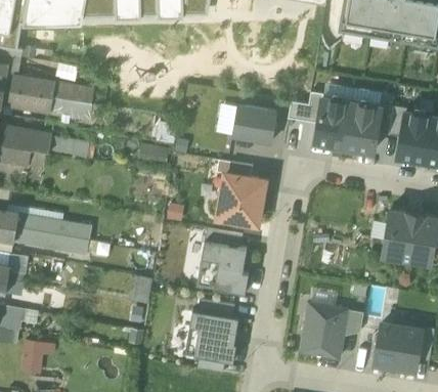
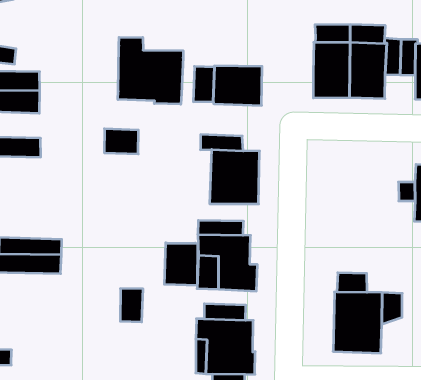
building: none -> [118,37,183,104]
building: [288,91,323,122] -> none
building: none -> [164,243,197,285]

